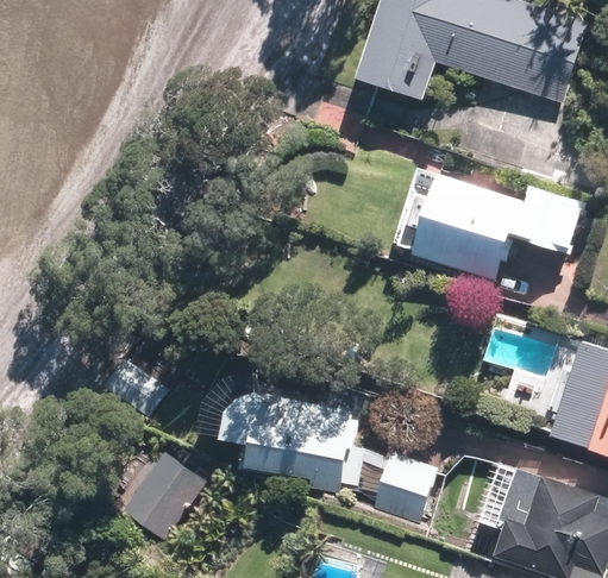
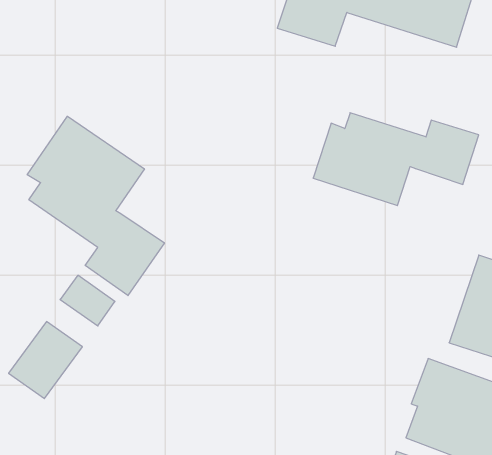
building: none -> [27,116,164,296]
building: [226,379,439,517] -> none
building: [124,452,207,539] -> [9,322,82,399]

